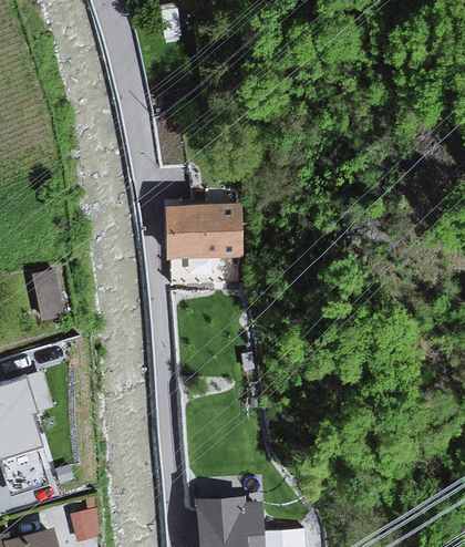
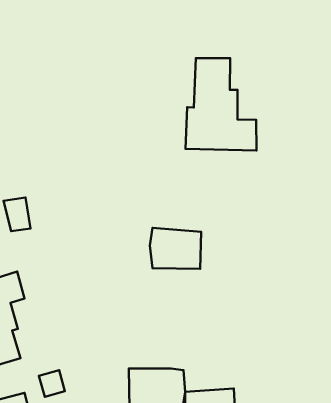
building: none -> [185,58,257,150]
building: [162,206,229,260] -> [150,228,201,269]

